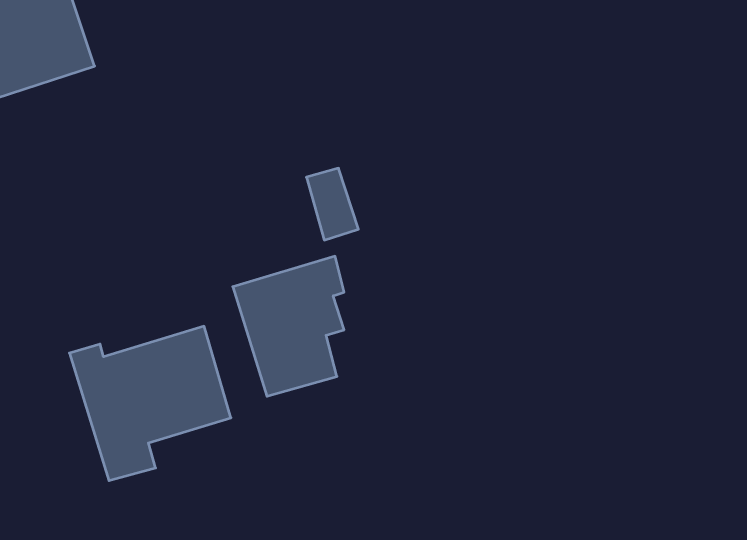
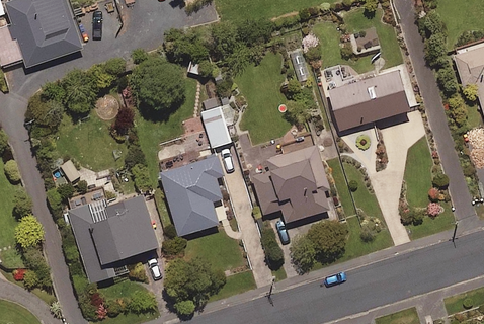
building: none -> [328,69,411,130]
building: none -> [253,143,330,222]

